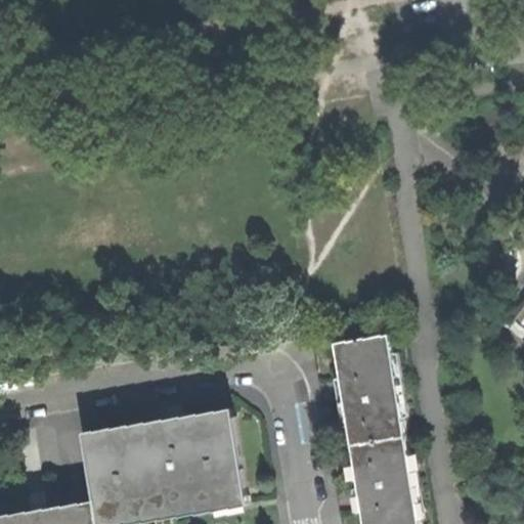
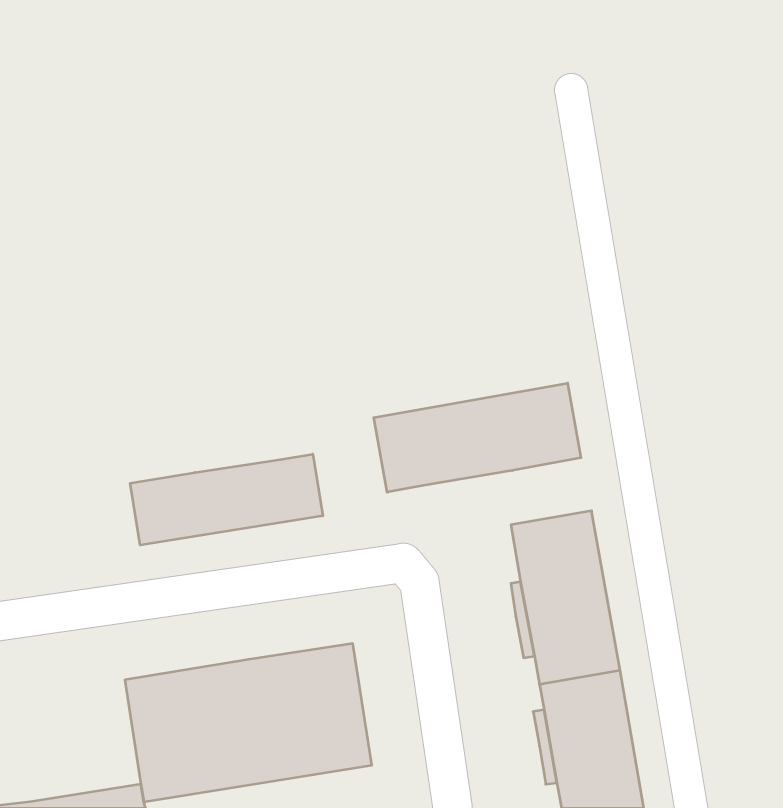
building: none -> [374,383,581,492]
building: none -> [130,454,323,545]

